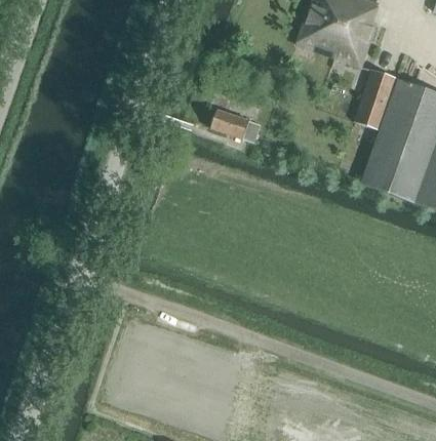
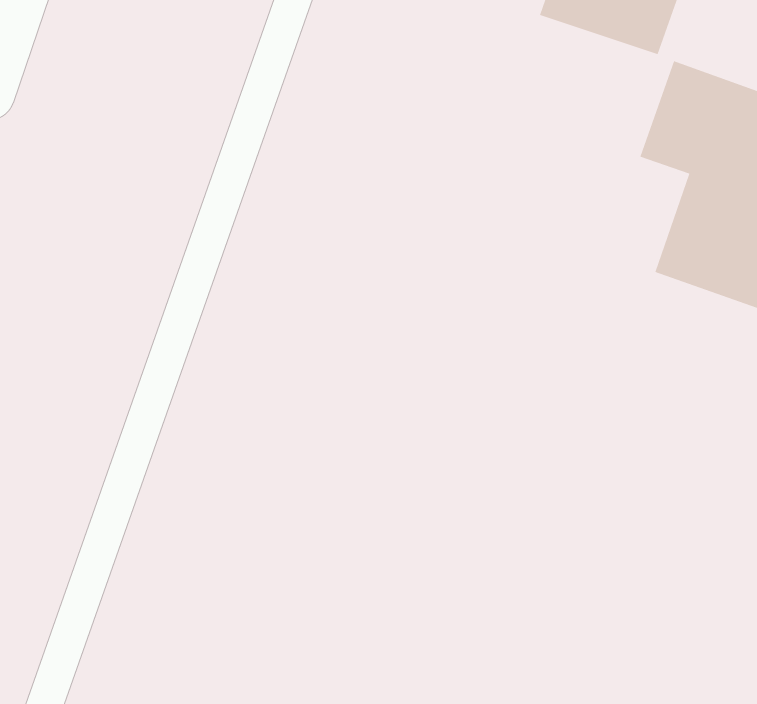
building: [209,108,261,142] -> none

